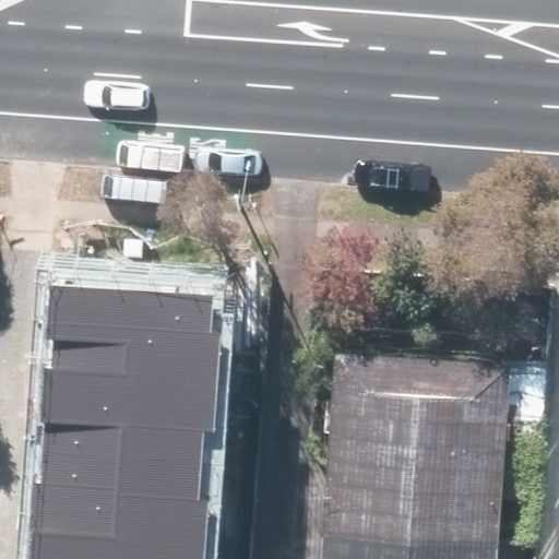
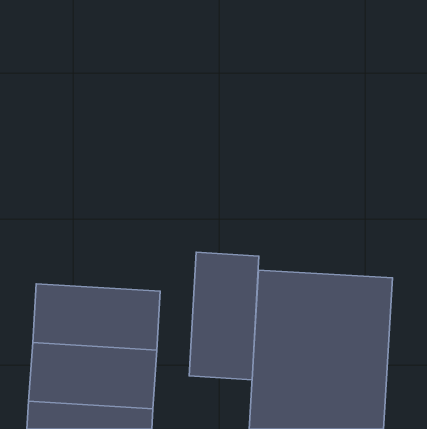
building: [49,293,215,379] -> none
building: none -> [189,252,259,380]

